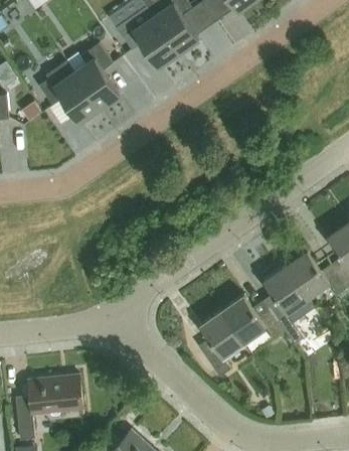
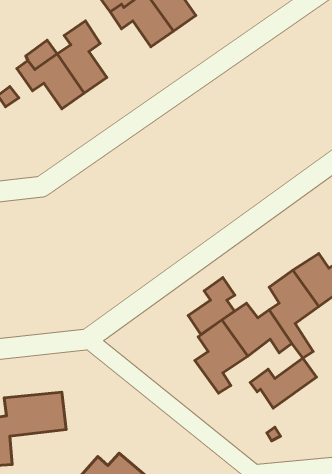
building: none -> [188,277,235,334]
building: none -> [250,358,317,408]

